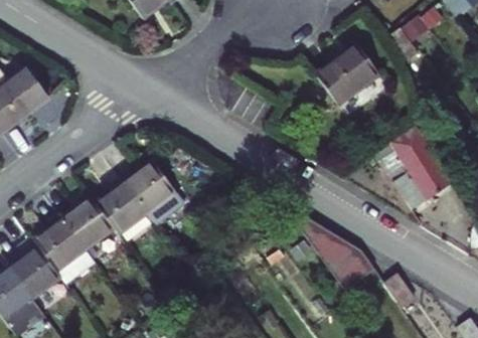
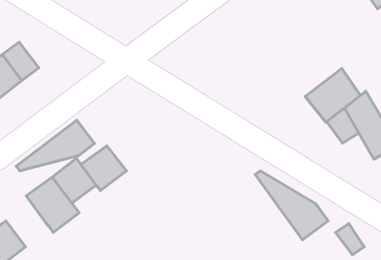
building: [315,42,377,103] -> [305,69,361,122]
building: none -> [16,120,95,171]
building: [124,161,175,212] -> none
building: [10,247,60,298] -> none

